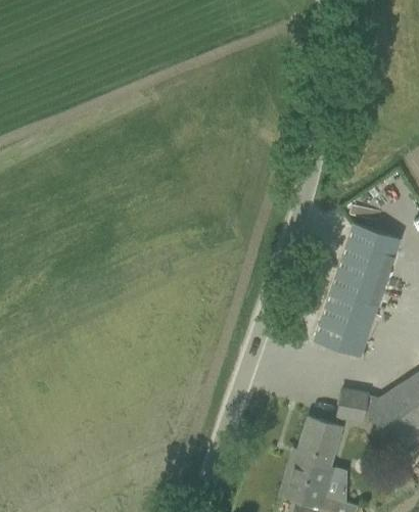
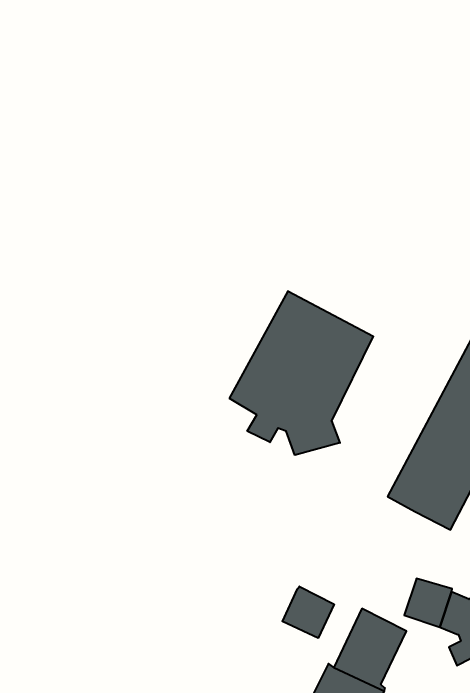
building: none -> [230,291,373,455]
building: none -> [282,586,334,638]

